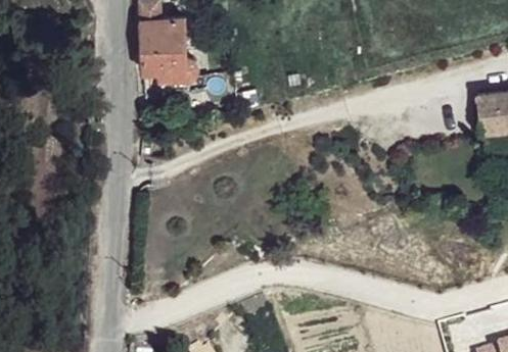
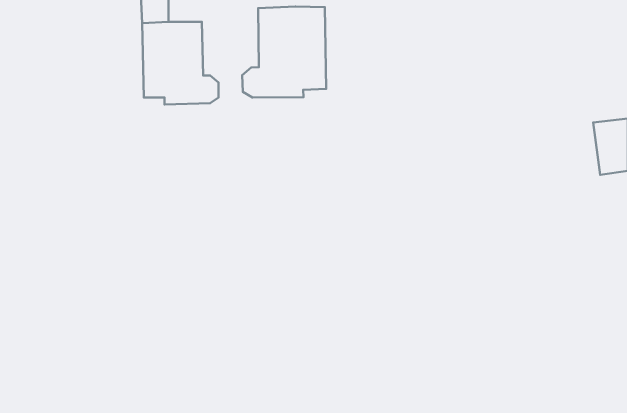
building: none -> [242,7,326,98]

